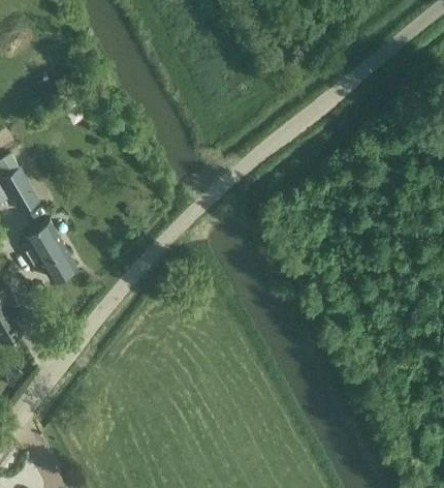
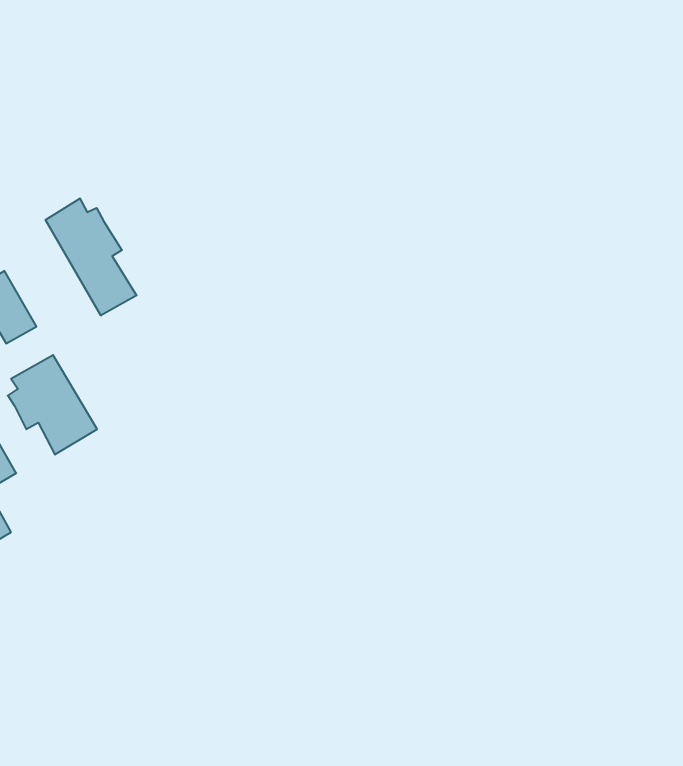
building: none -> [46,198,137,316]

